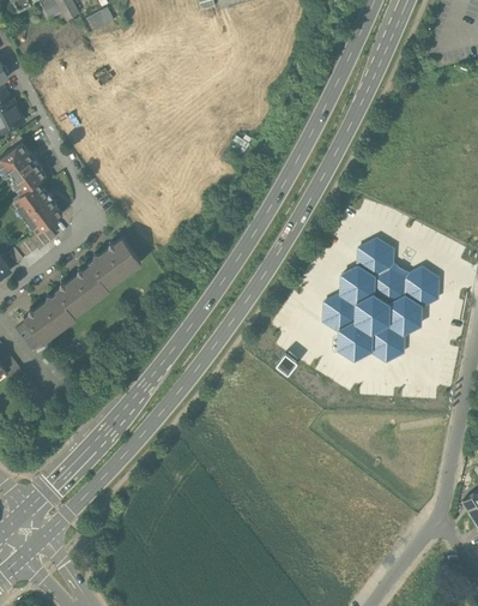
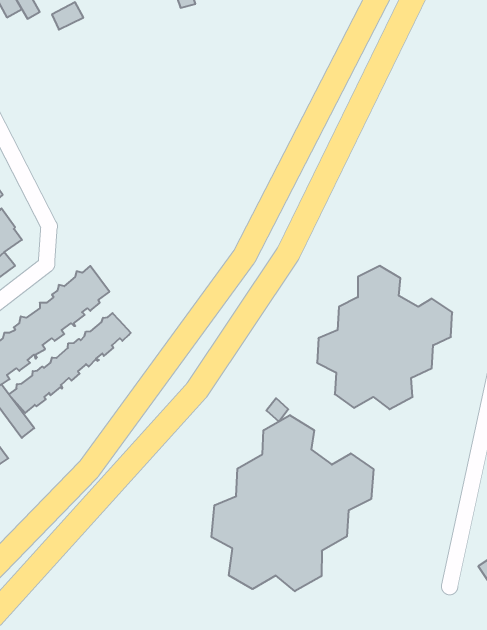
building: none -> [9,313,131,413]
building: none -> [212,415,373,591]

